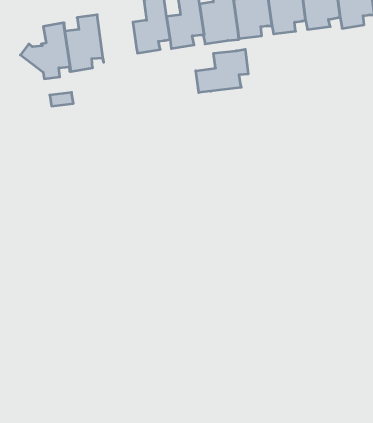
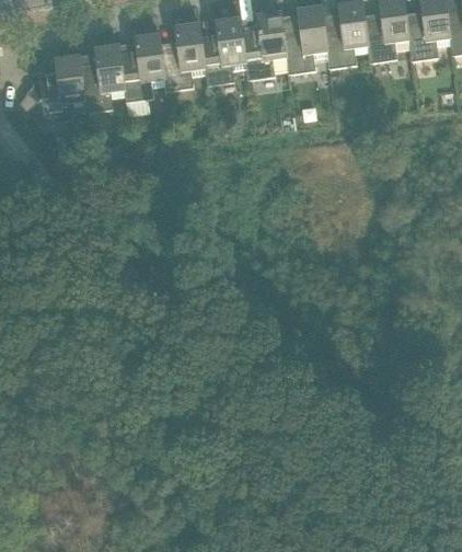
building: none -> [118,31,165,99]
building: [196,49,248,93] -> none

